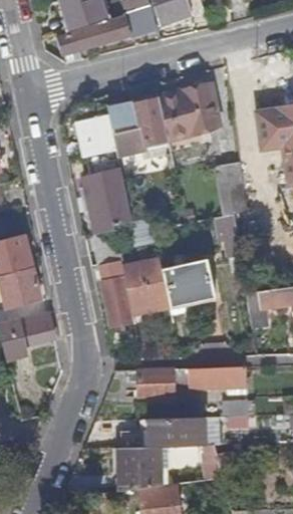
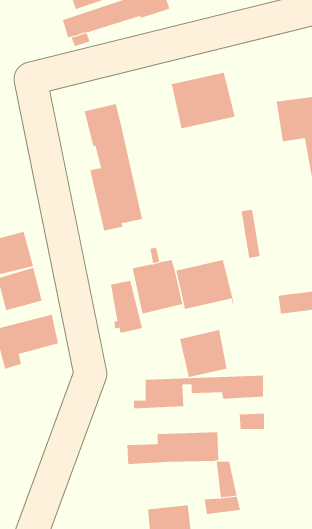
building: [108,98,169,144] -> none
building: [219,163,247,214] -> none
building: none -> [180,329,227,378]
building: [113,446,161,490] -> none

